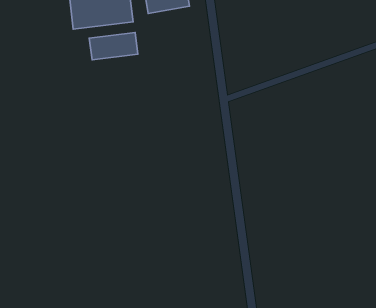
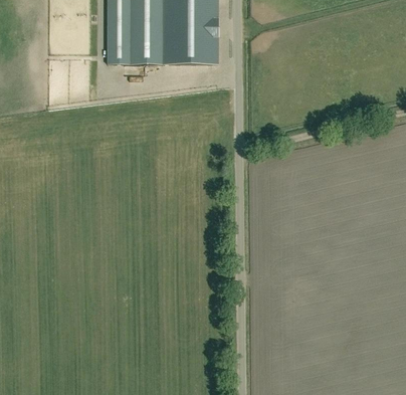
building: [89,32,138,60] -> none

